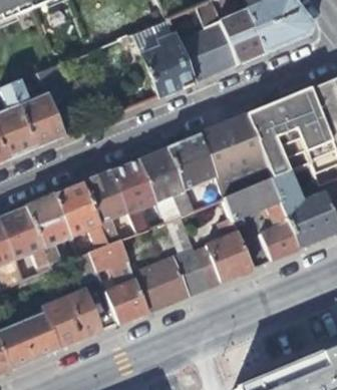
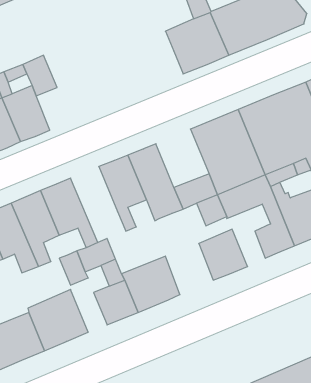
building: [131,18,193,96] -> none
building: [166,134,218,190] -> none
building: [84,170,129,244] -> none
building: [170,216,211,294] -> none

